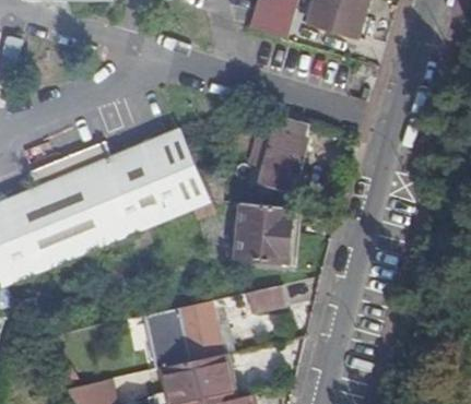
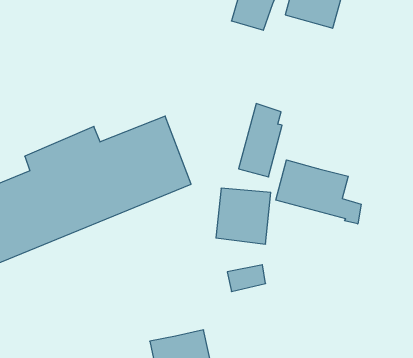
building: none -> [276,160,361,224]
building: [143,301,222,369] -> none

